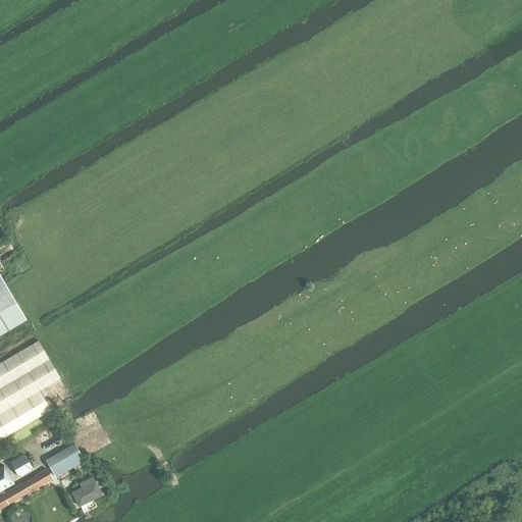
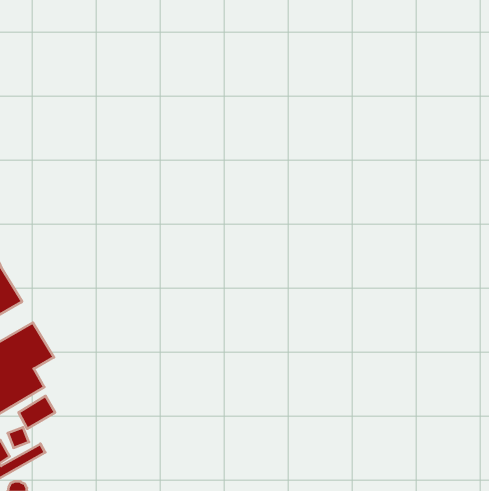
building: [42,445,81,479] -> [19,396,55,429]
building: [67,477,99,508] -> none

